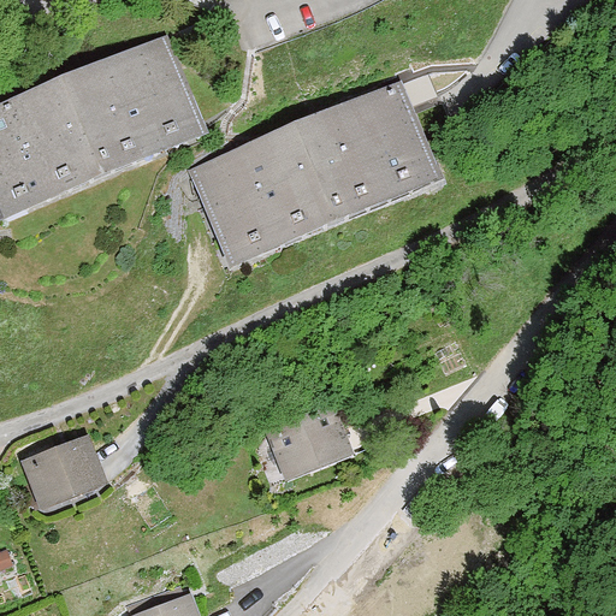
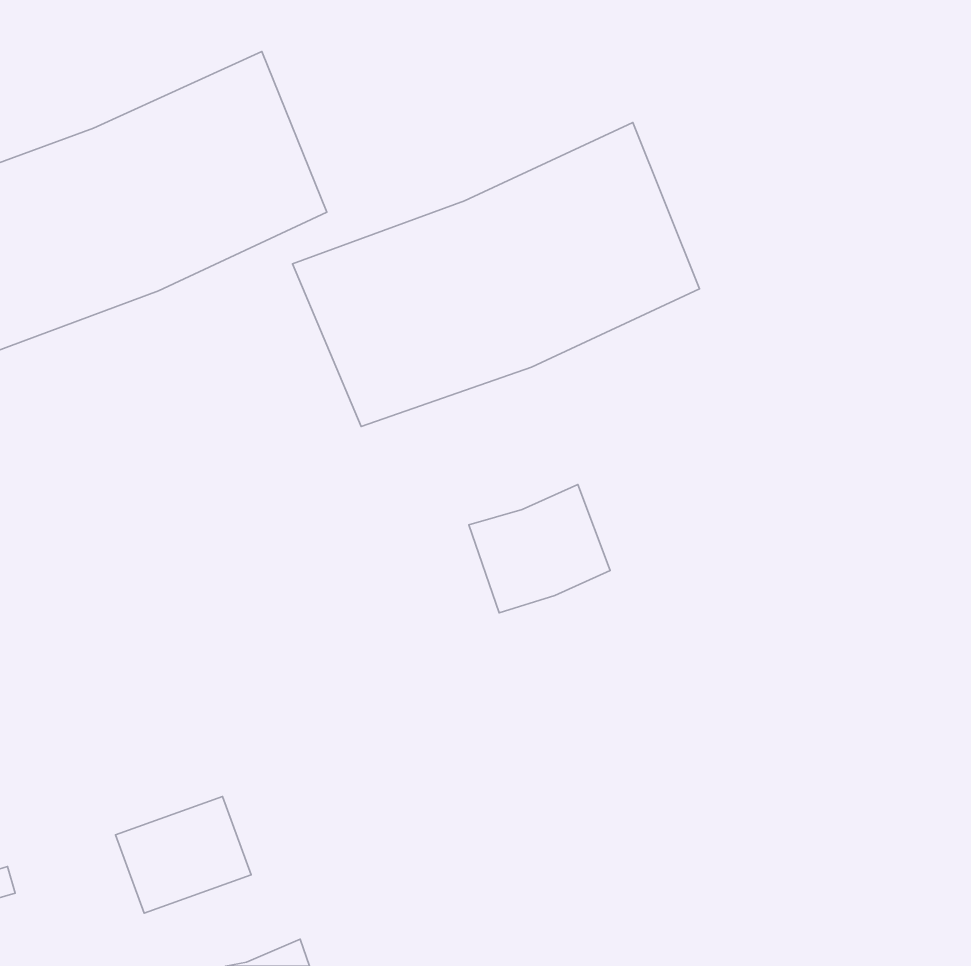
building: [262,401,351,481] -> [469,485,610,613]
building: [18,431,103,504] -> [115,796,251,913]

